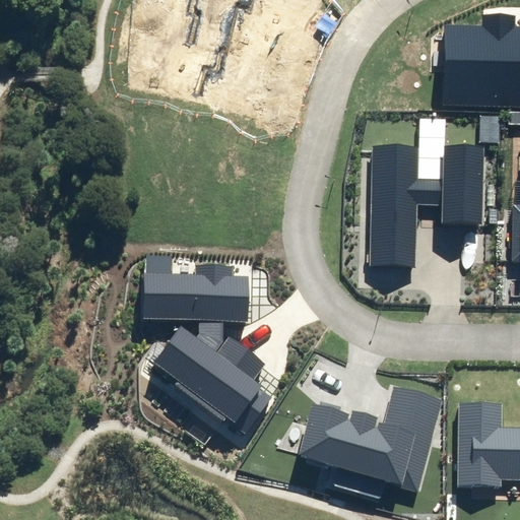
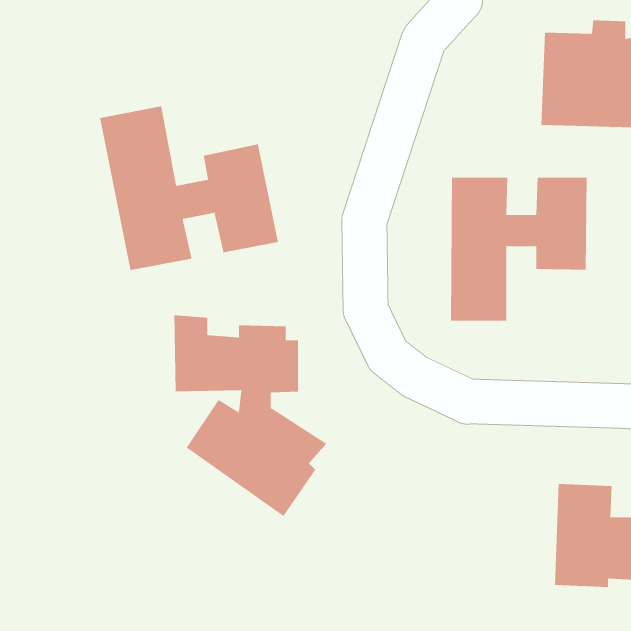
building: none -> [100,106,278,271]
building: [294,384,442,491] -> none

